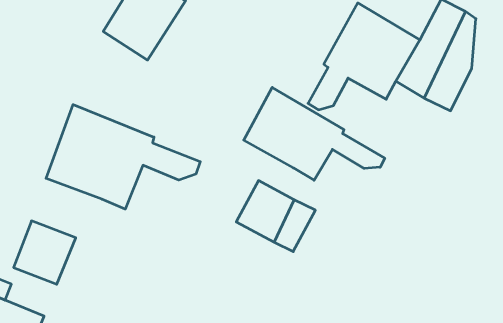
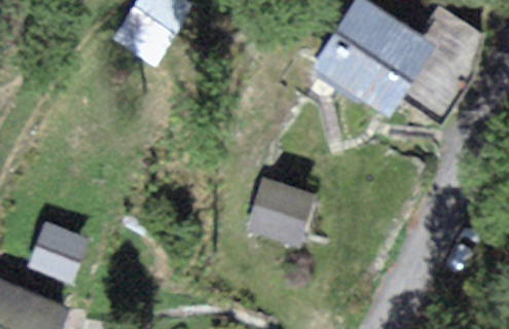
building: [244,87,385,180] -> none
building: [46,105,200,209] -> none

